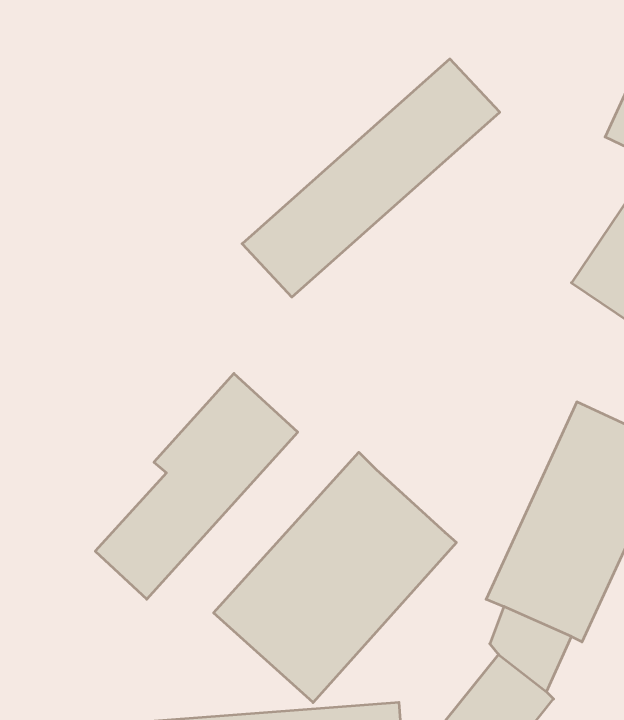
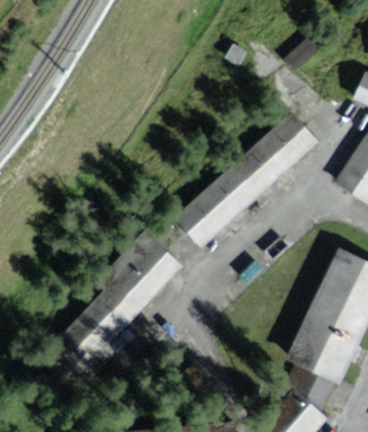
building: [242,59,500,297] -> [173,111,319,247]
building: [214,452,456,703] -> none

